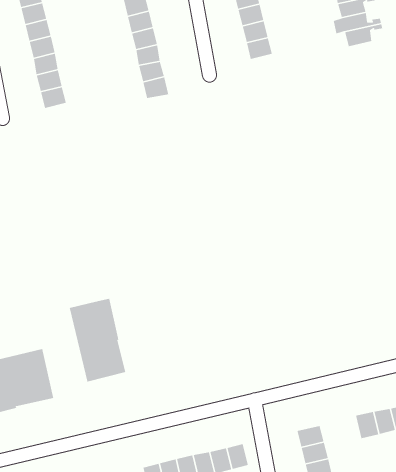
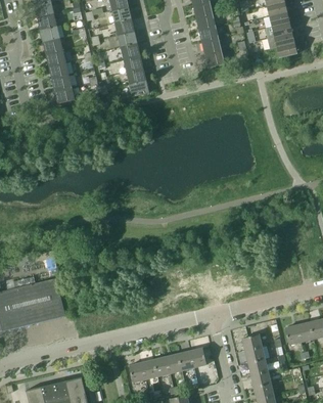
building: [69,298,126,383] -> none

